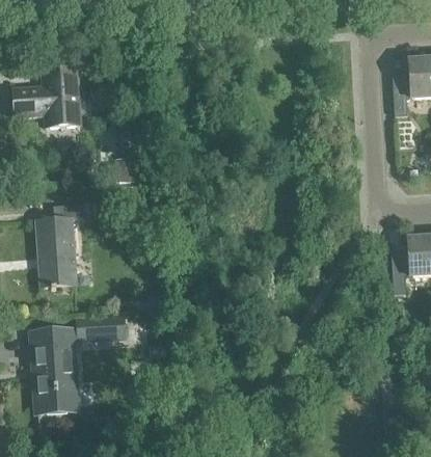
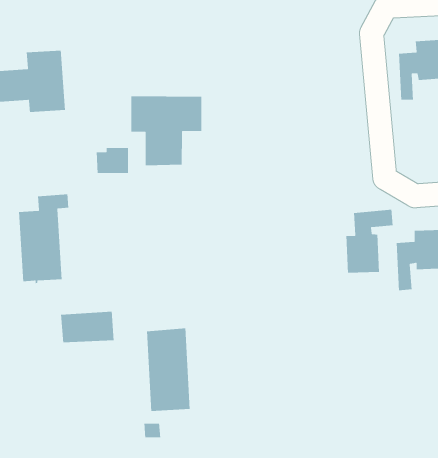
building: none -> [131,96,202,166]
building: none -> [345,209,394,273]
building: [34,330,76,409] -> [146,328,191,412]

